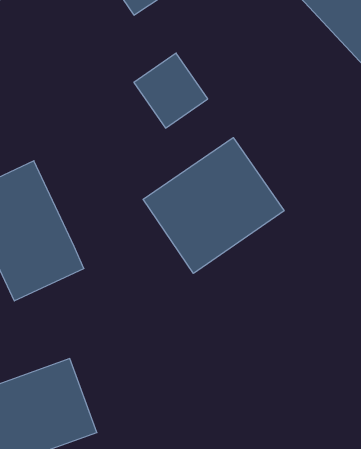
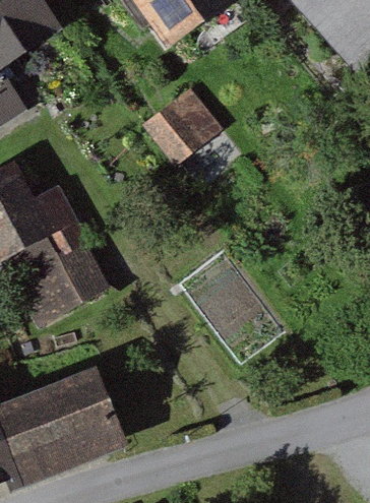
building: [143,138,284,273] -> none

